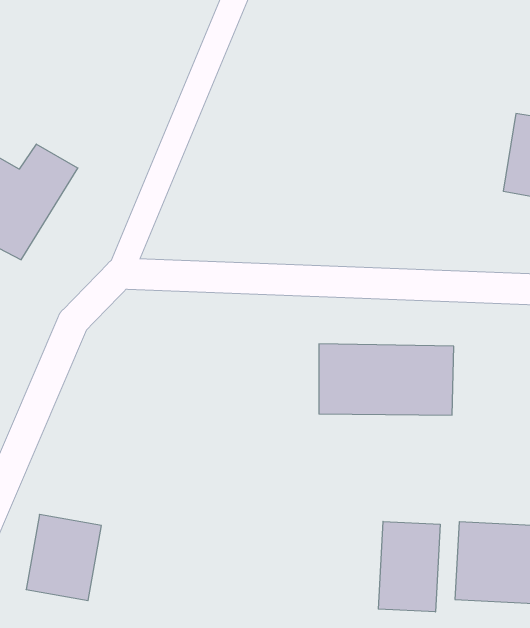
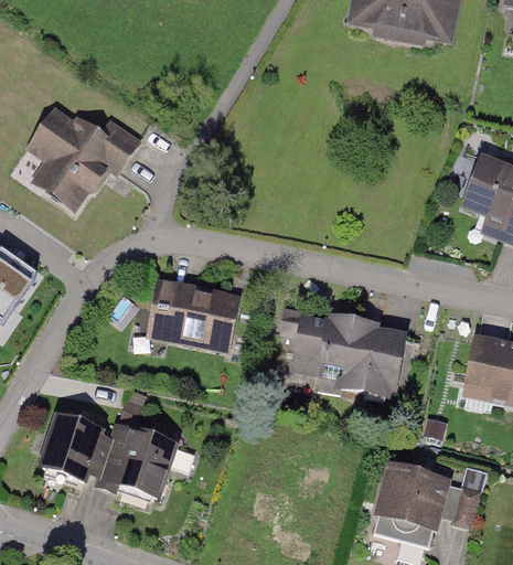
building: none -> [145,278,244,355]
building: none -> [107,425,178,503]
building: [378,521,440,612] -> none

